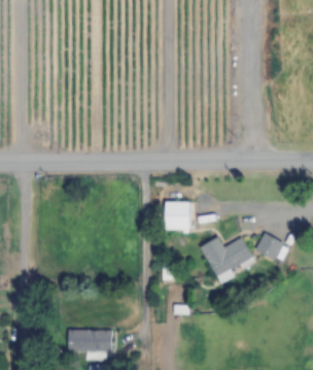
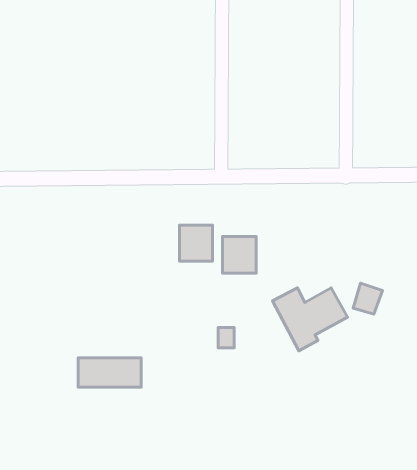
building: none -> [180,225,212,261]
building: [68,331,112,351] -> [78,358,141,387]

